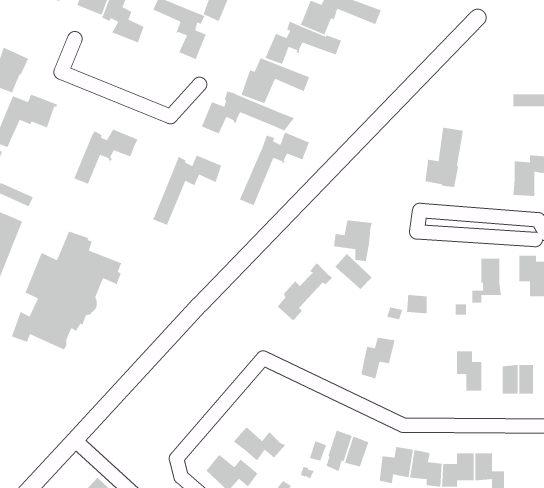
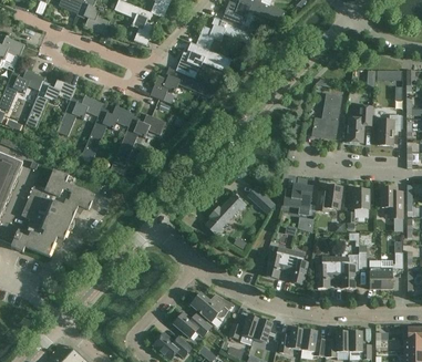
building: none -> [24,79,74,128]
building: [239,132,310,206] -> [81,105,133,159]
building: none -> [346,105,372,142]
building: [333,219,373,262] -> [282,184,311,215]
building: none -> [316,185,341,211]
building: none -> [286,249,307,283]
building: none -> [316,257,334,287]
building: none -> [189,292,233,321]

